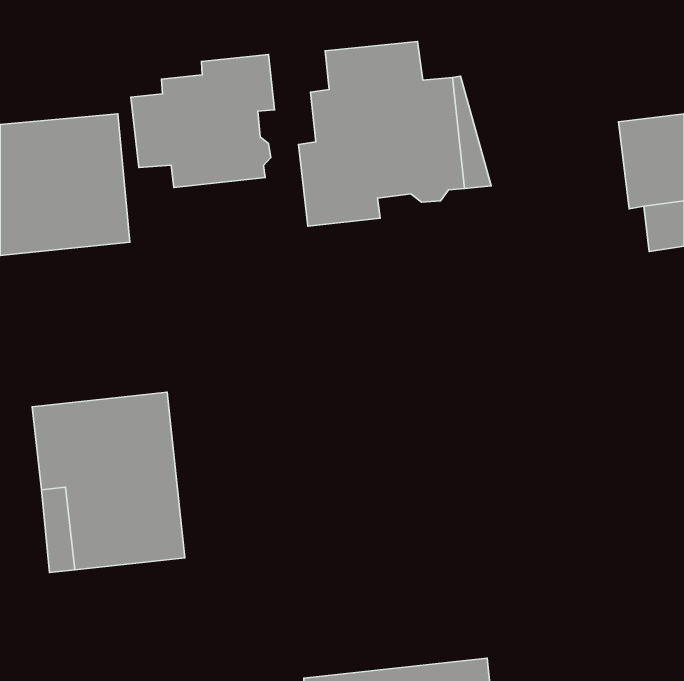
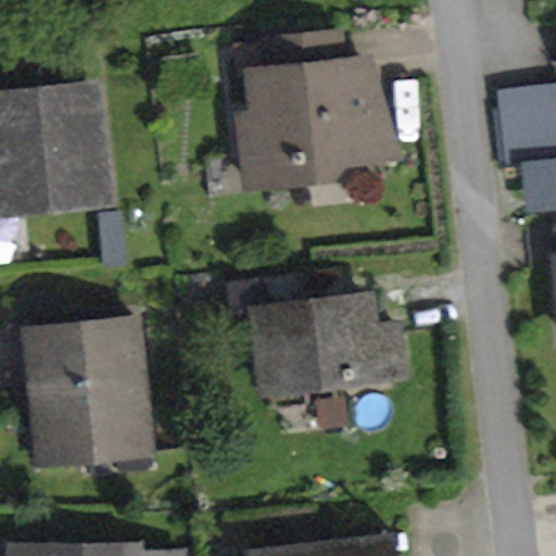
building: [131,55,274,187] -> none
building: none -> [256,276,403,392]

